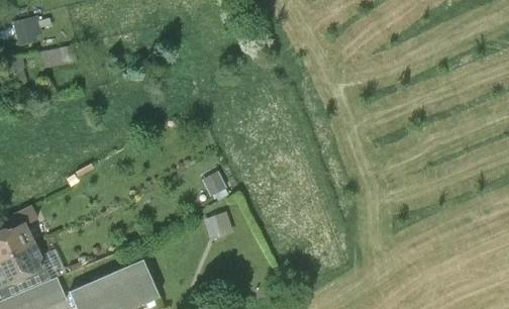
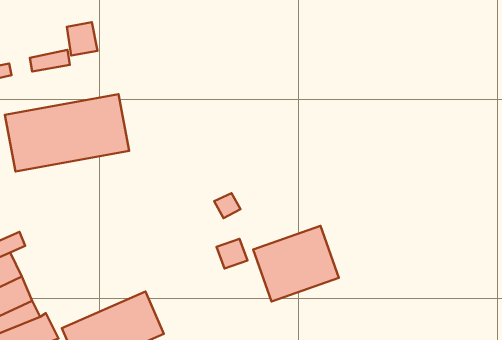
building: [18,13,45,42] -> [67,22,98,56]
building: none -> [5,94,129,172]
building: none -> [253,226,339,302]

